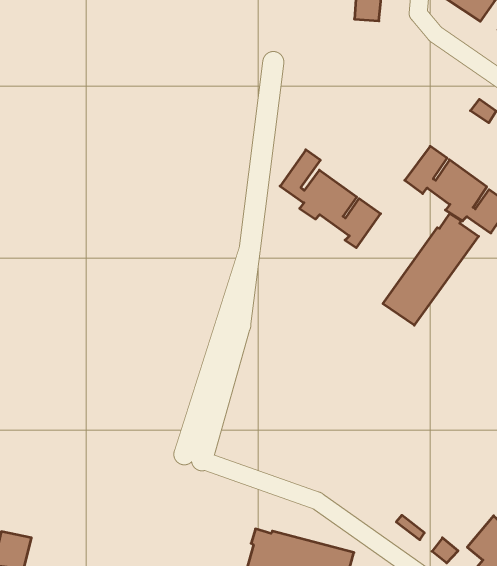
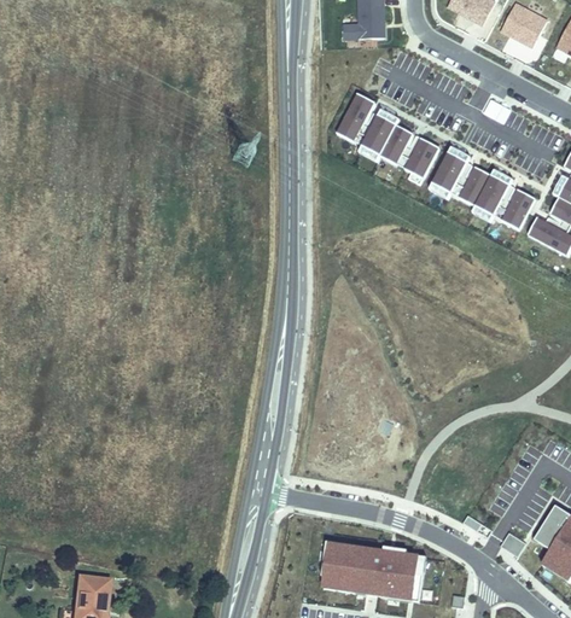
building: [280,150,381,248] -> [338,93,439,182]
building: [383,213,479,325] -> none

